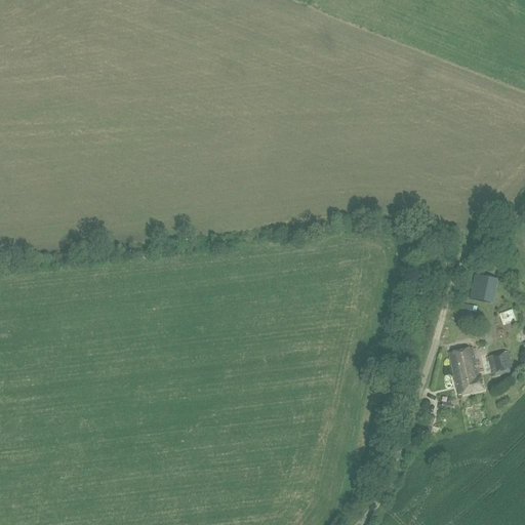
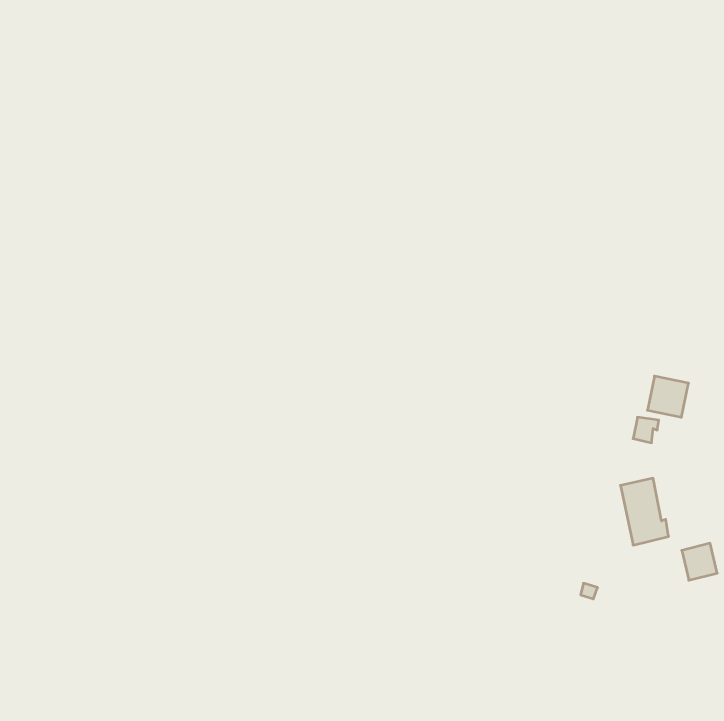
building: [487,349,513,375] -> [682,543,717,580]

